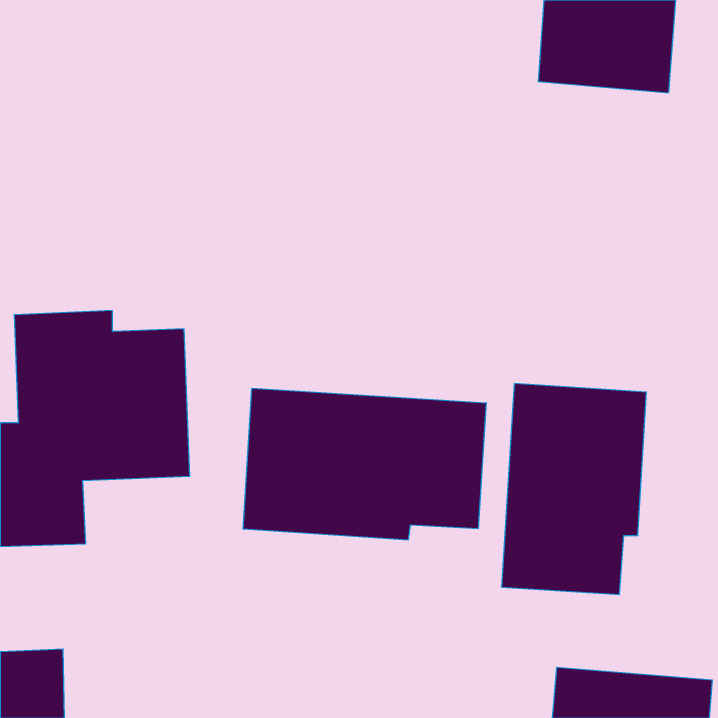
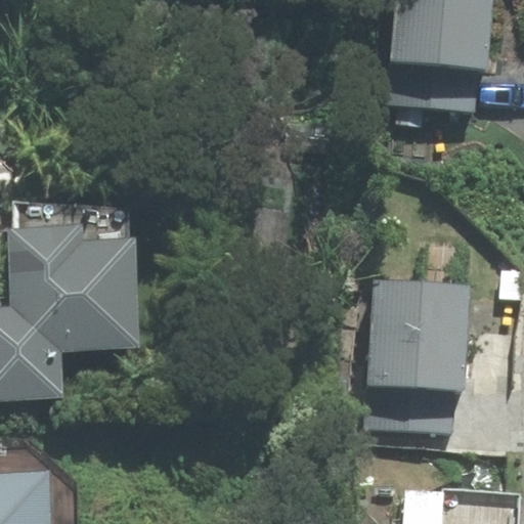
building: [243,388,486,540] -> none

